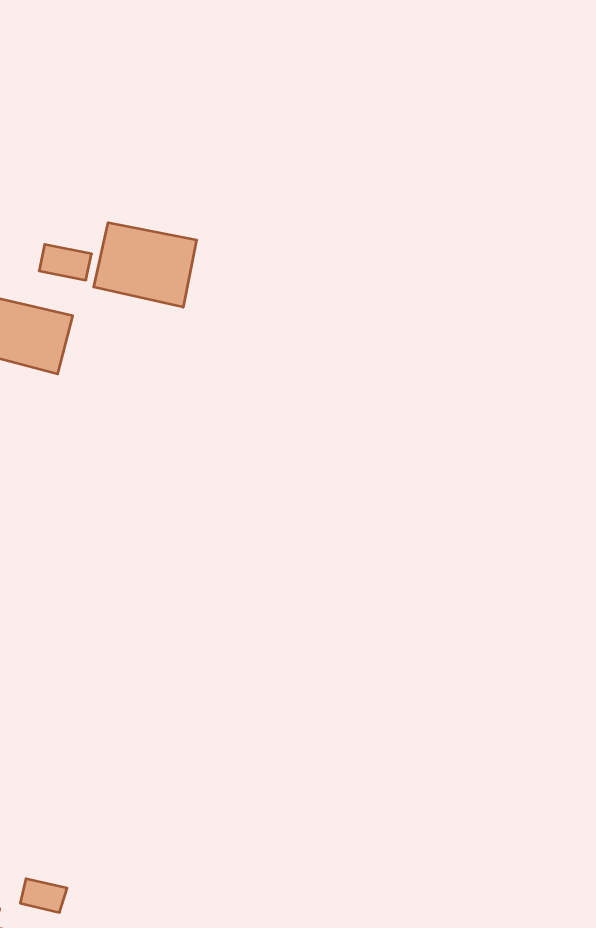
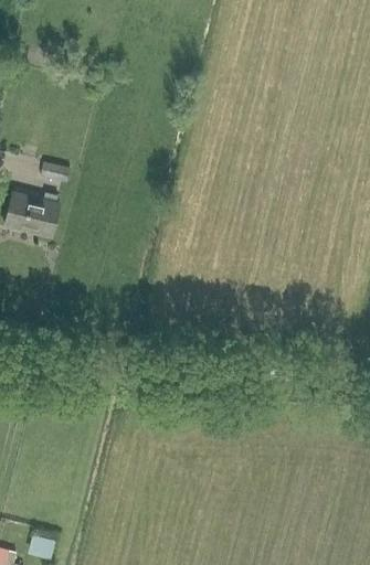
building: [94,223,197,307] -> none

